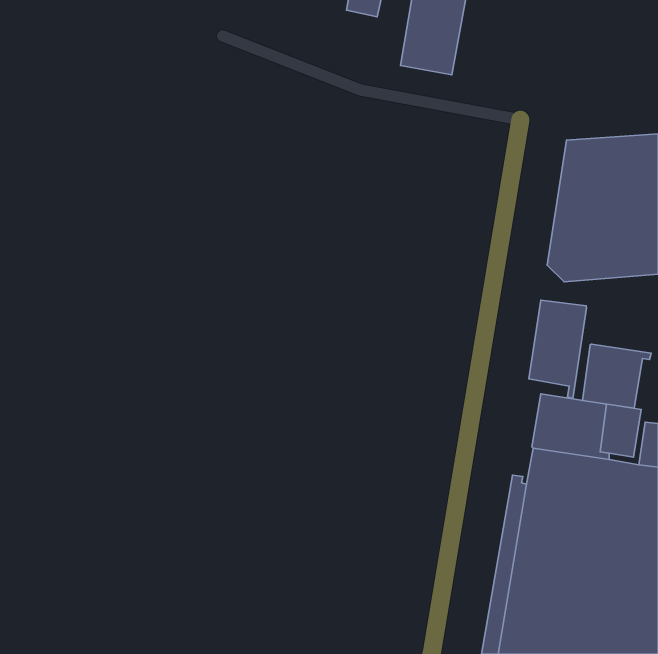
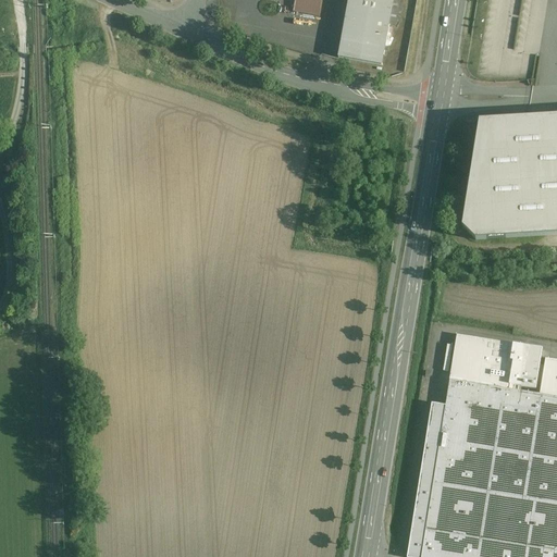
building: [529,300,587,399] -> none
building: [583,344,651,408] -> none

